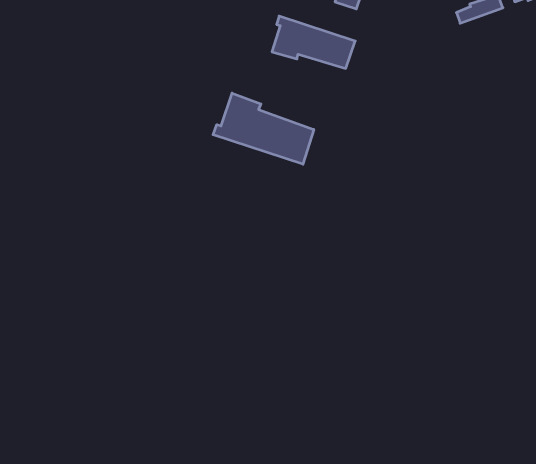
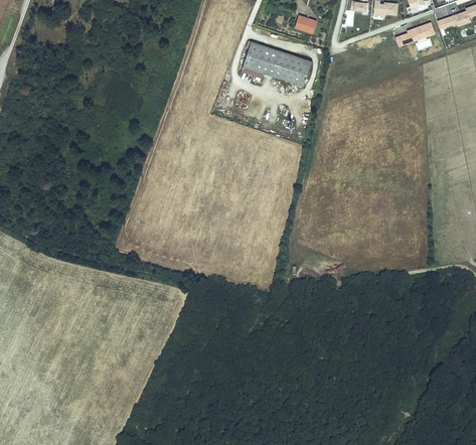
building: [213,93,314,164] -> none

